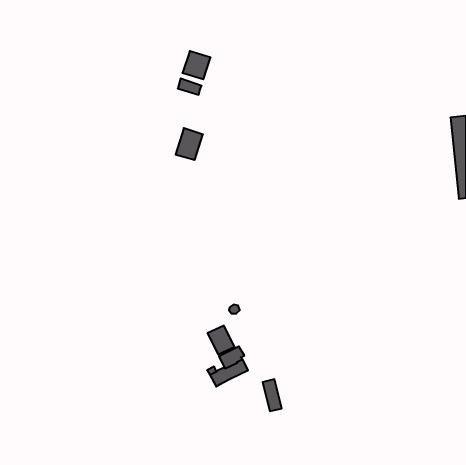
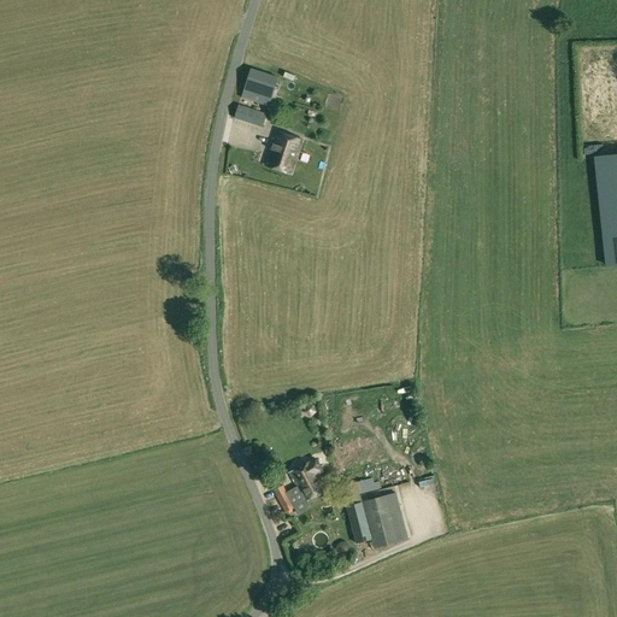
building: [176,128,203,160] -> [266,130,302,172]
building: [208,326,234,355] -> none
building: none -> [363,492,409,547]

